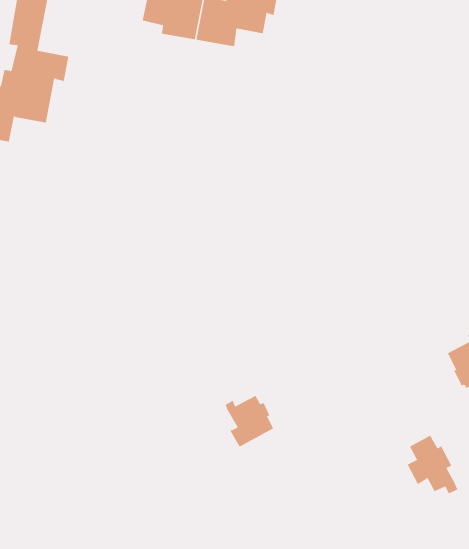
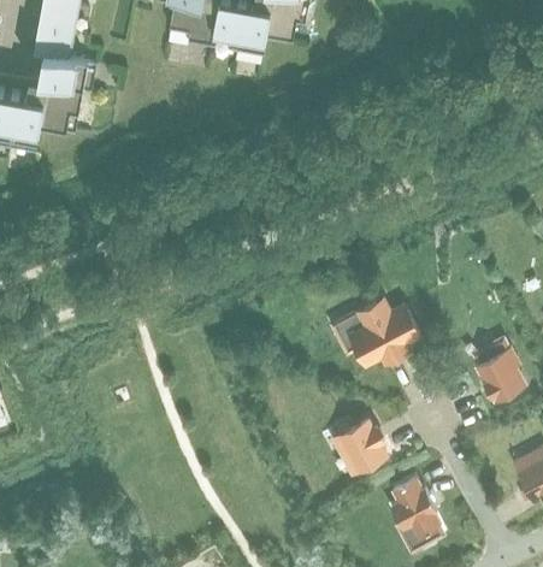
building: none -> [341,299,419,364]
building: [225,395,274,448] -> [336,420,385,473]
building: [407,435,458,494] -> [390,477,442,537]

